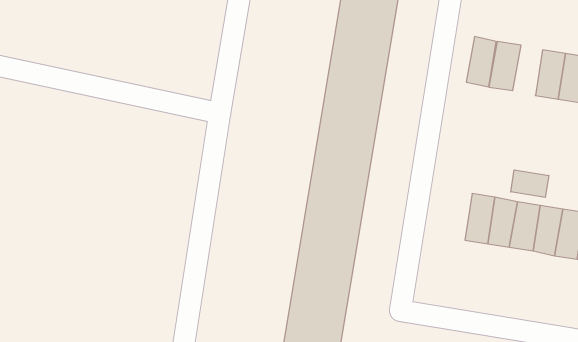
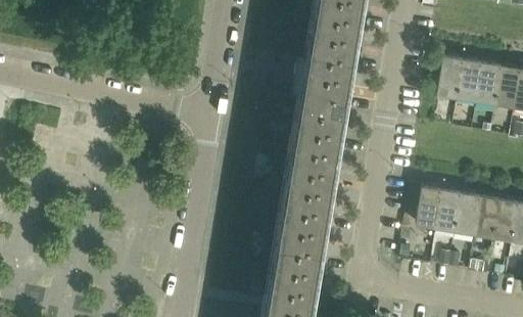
building: [466,37,496,87] -> [459,59,484,102]
building: [511,170,549,197] -> none

